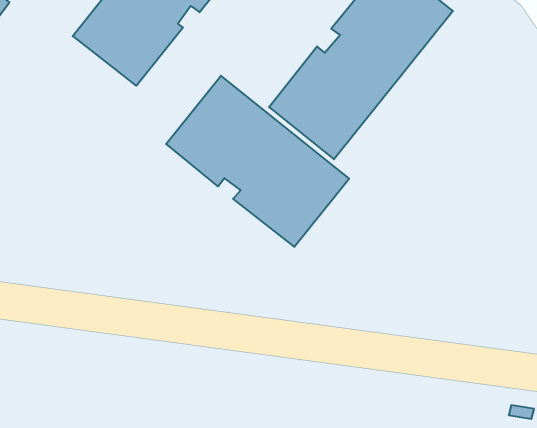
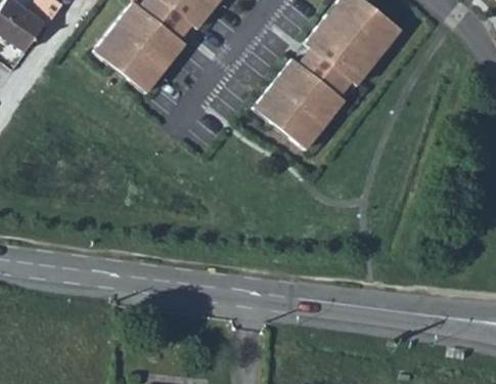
building: [166,76,349,247] -> none

